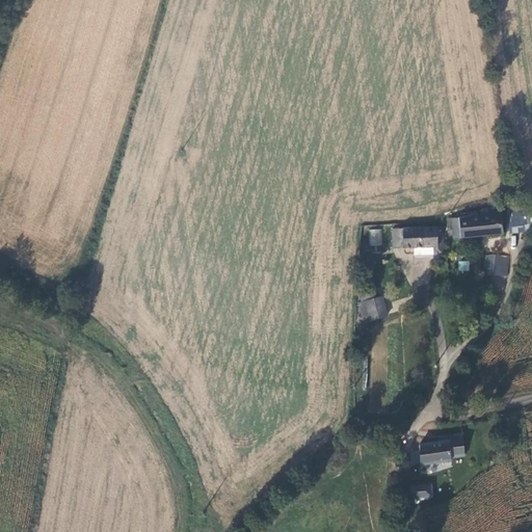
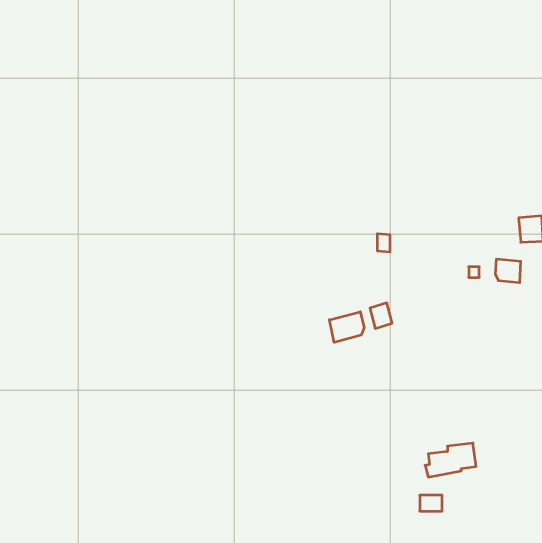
building: [452,212,504,238] -> none
building: [391,228,436,246] -> none
building: none -> [329,312,364,342]

